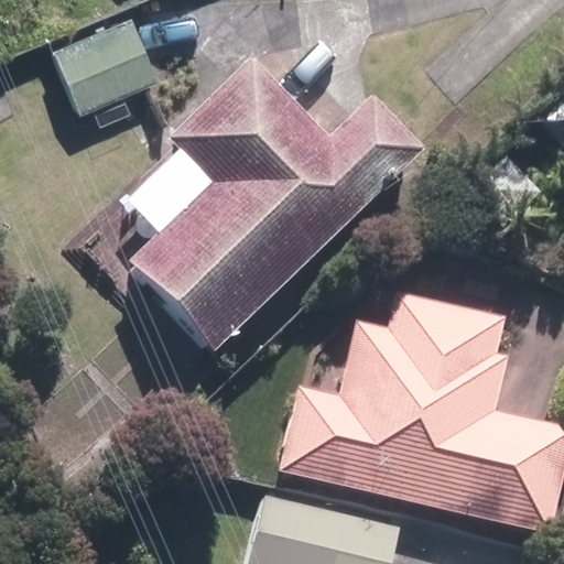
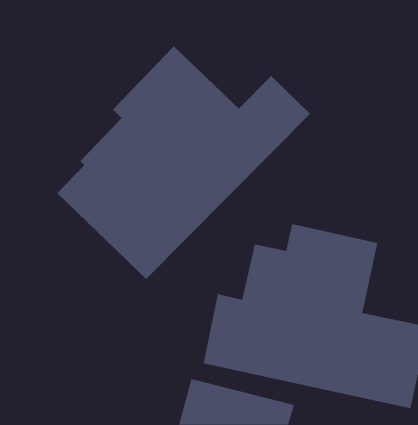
building: [51,8,166,112] -> none

